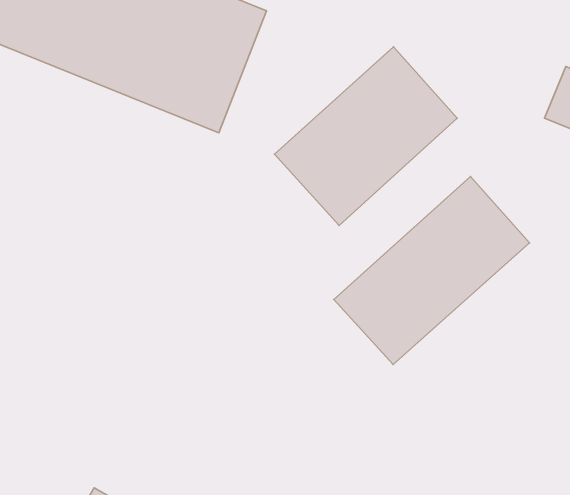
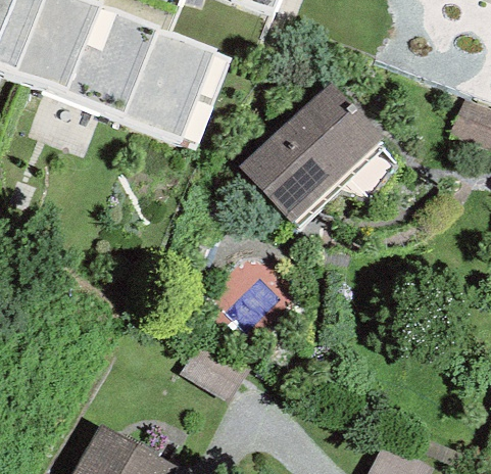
building: [334,177,529,364] -> none

